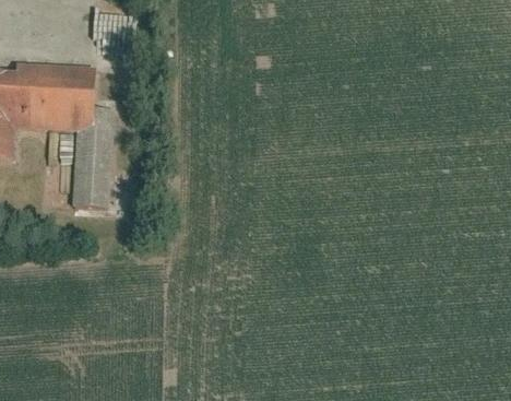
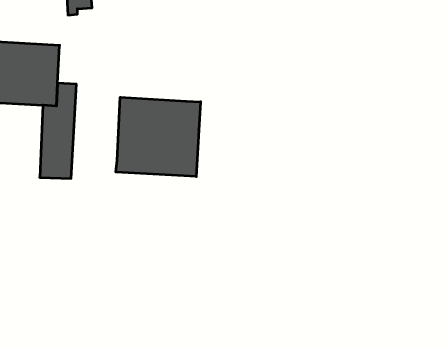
building: none -> [116,97,201,177]

